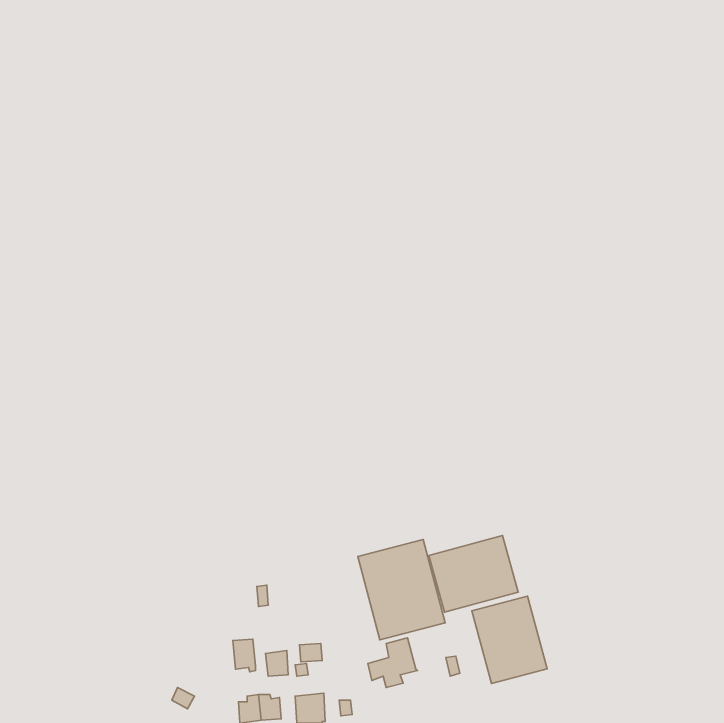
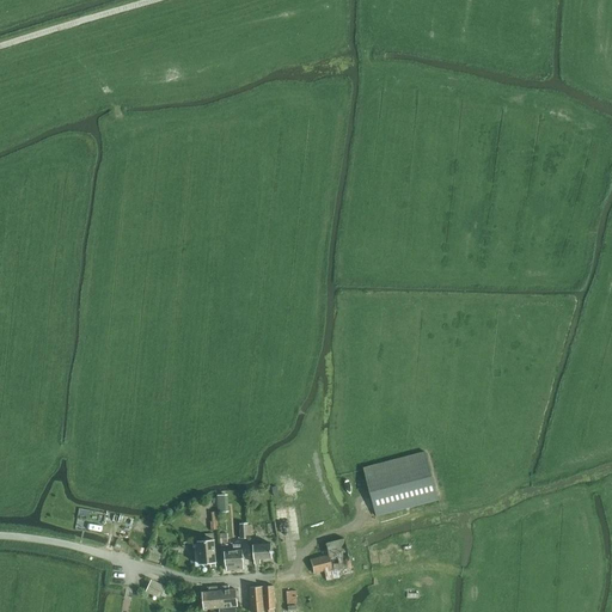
building: [358,540,445,640] -> none
building: [472,596,547,684] -> none

